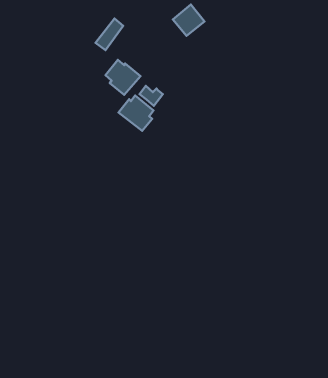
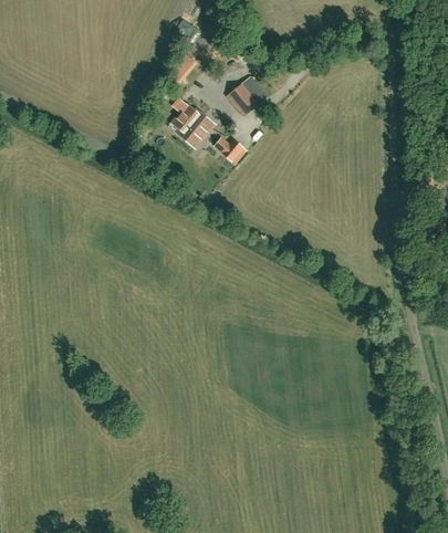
building: [173,4,204,36] -> [229,76,268,115]
building: [118,95,154,131] -> none

